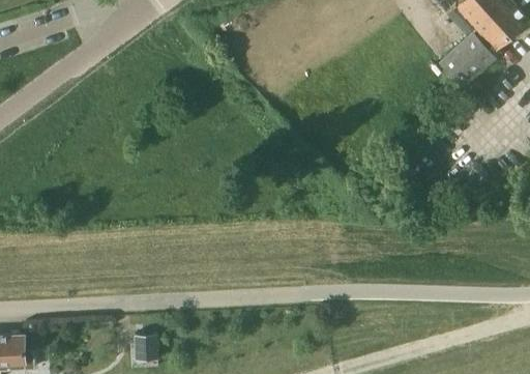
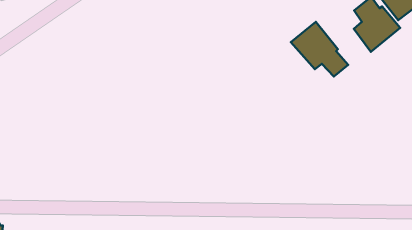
building: none -> [291,22,348,76]

